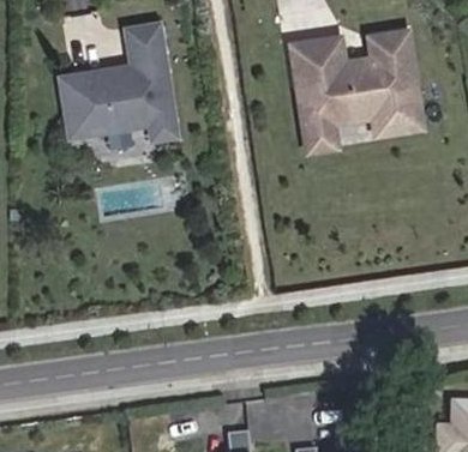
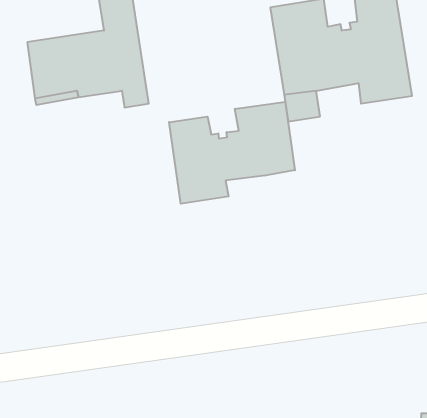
building: none -> [169,102,295,204]

